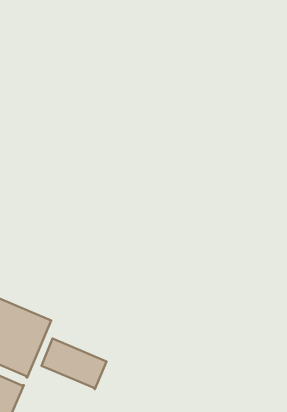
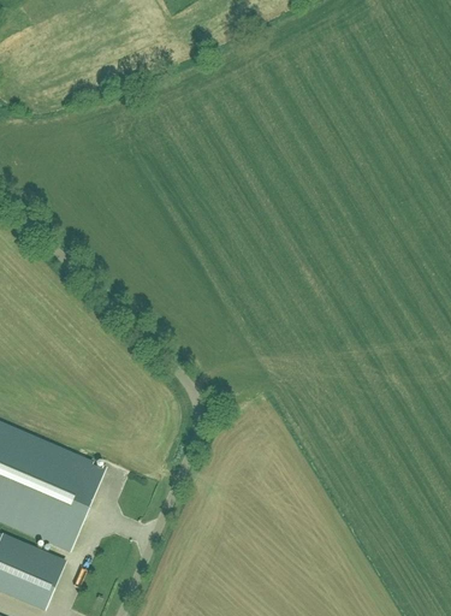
building: [42,339,107,389] -> none

